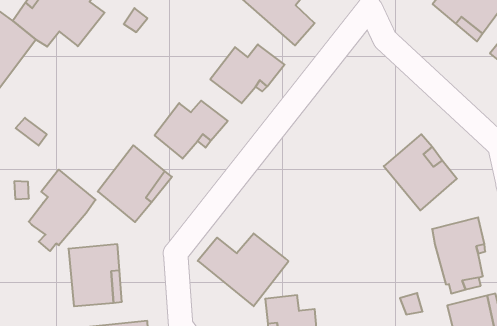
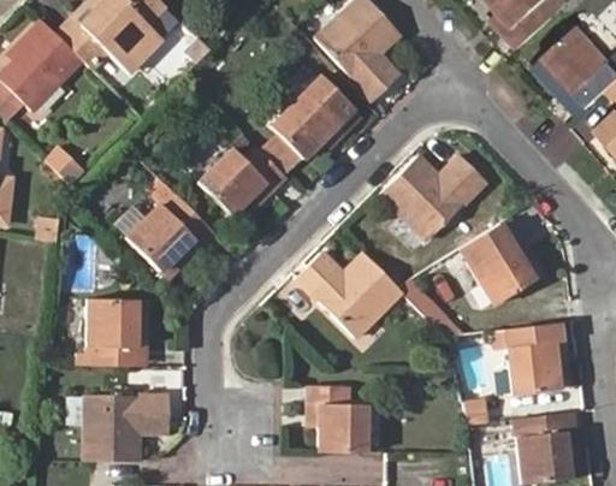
building: none -> [381,158,484,242]
building: [29,170,96,251] -> none
building: [198,233,288,306] -> [298,256,402,339]

